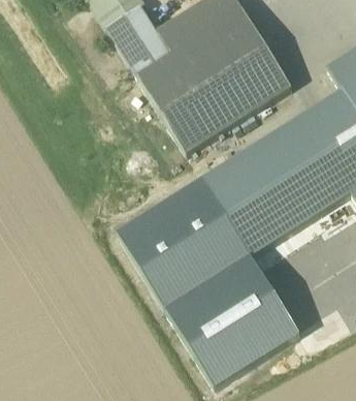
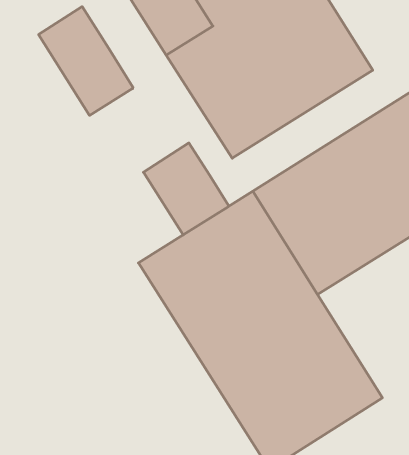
building: none -> [39,7,133,115]
building: none -> [143,143,229,235]

